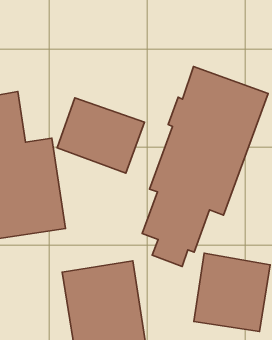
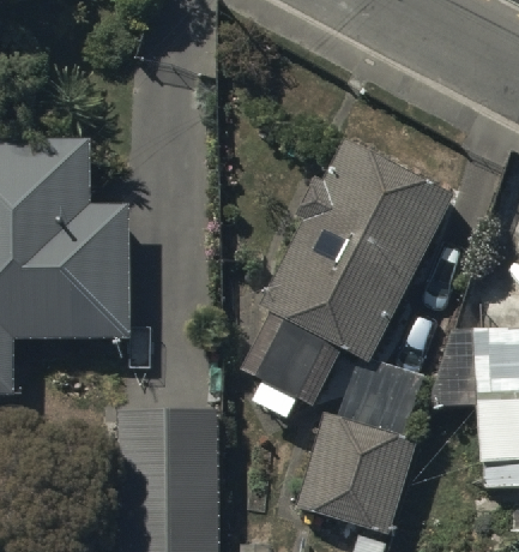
building: [57,98,145,173] -> none

